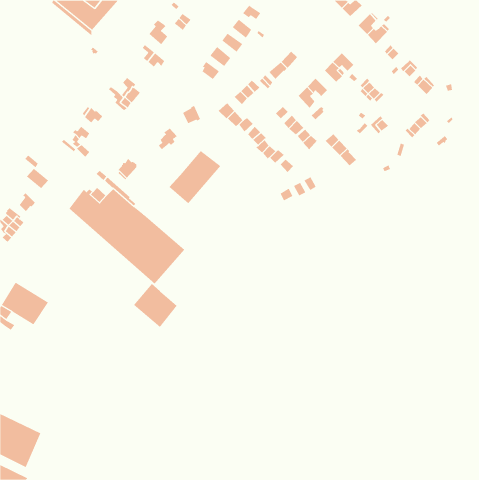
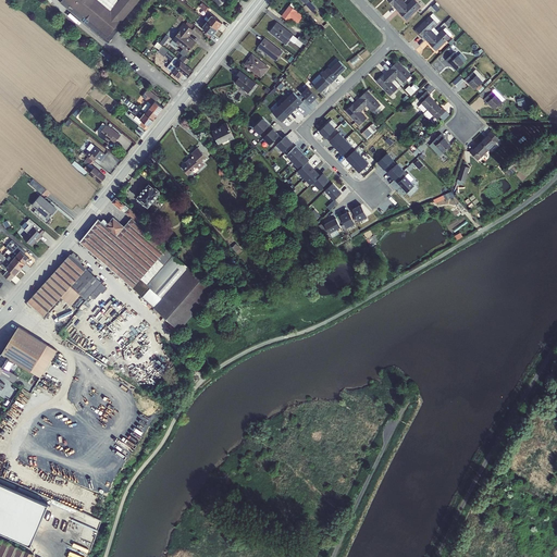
building: [169,150,221,204] -> none
building: none -> [26,253,100,317]
building: [133,283,178,328] -> none

